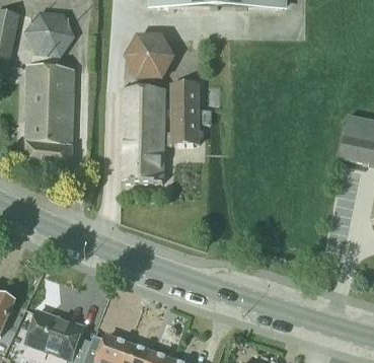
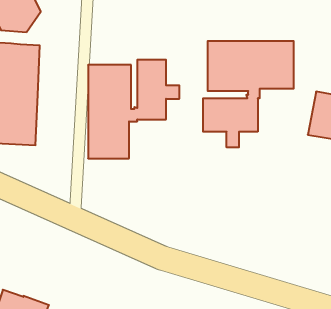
building: [125,34,173,77] -> none
building: none -> [203,41,294,147]

